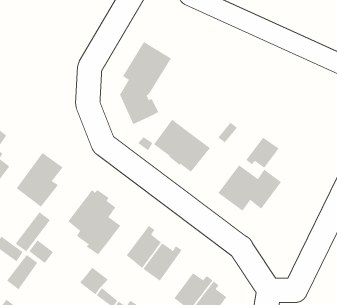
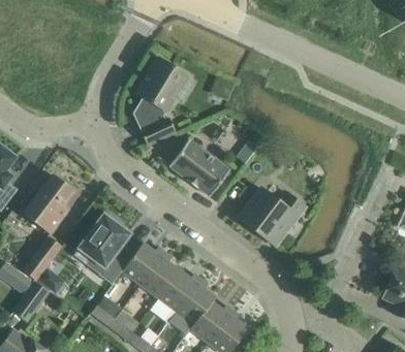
building: [245,137,280,169] -> none
building: none -> [122,243,164,284]
building: none -> [177,279,216,329]

